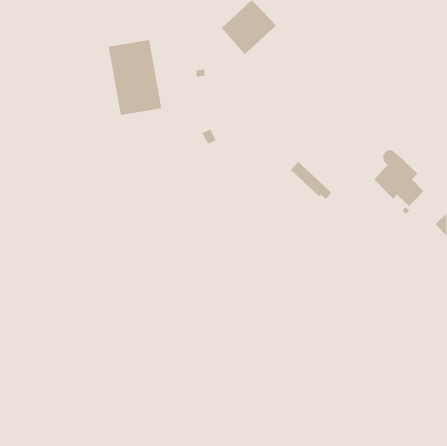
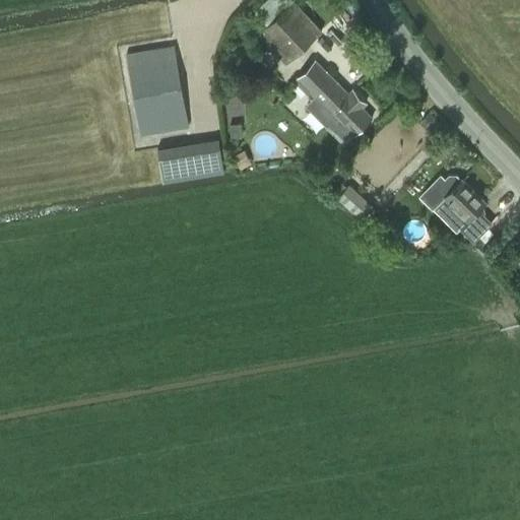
building: none -> [297,62,371,147]
building: none -> [156,140,223,183]

